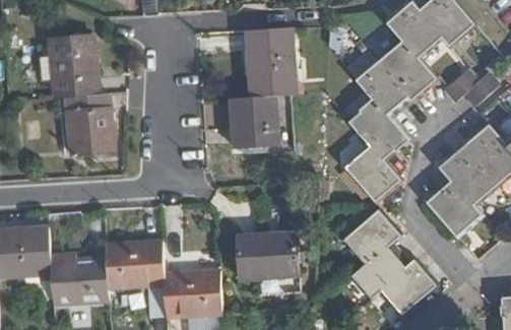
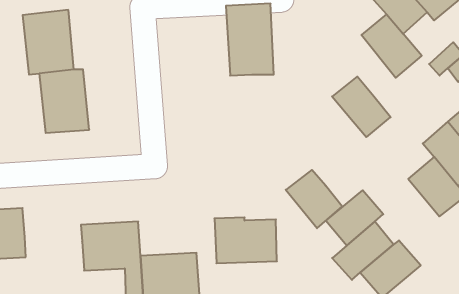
building: [357,59,412,119] -> none
building: [231,97,275,147] -> none
building: [345,143,400,200] -> [286,170,342,228]
building: [51,254,110,305] -> none

